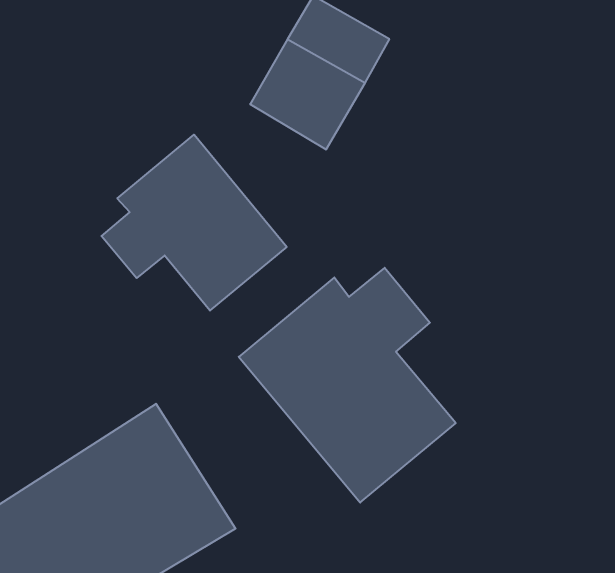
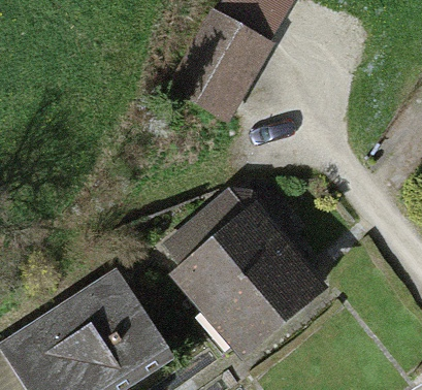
building: [101,135,287,311] -> none

